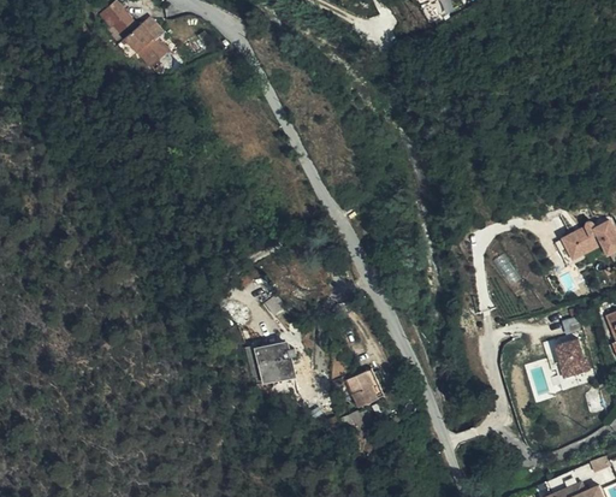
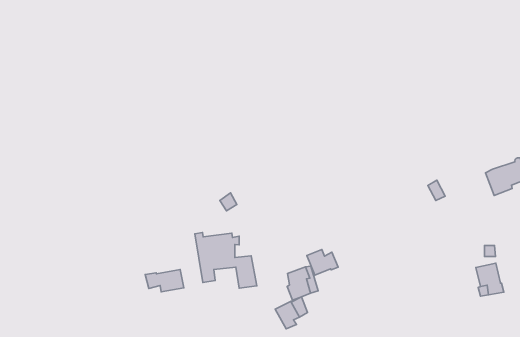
building: none -> [307,250,338,275]
building: none -> [145,269,184,292]

